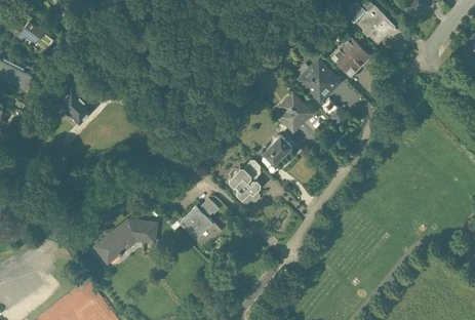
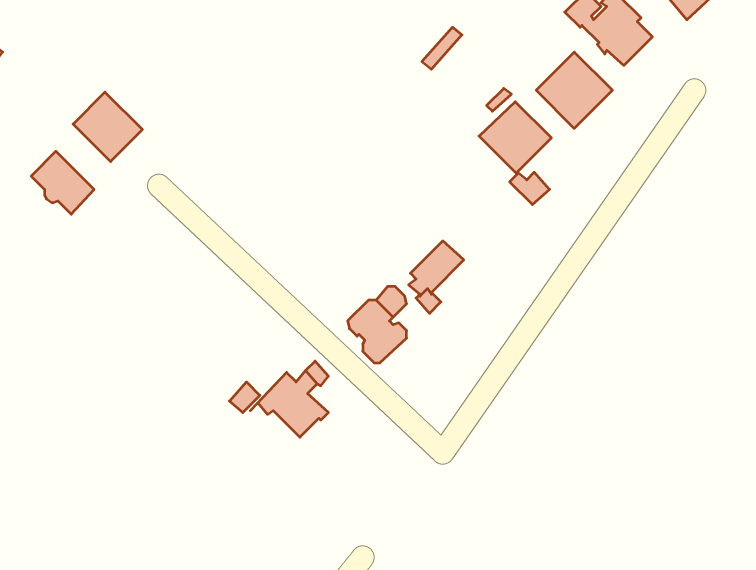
building: none -> [73,92,142,162]
building: [278,93,312,131] -> none
building: [97,222,156,263] -> none

